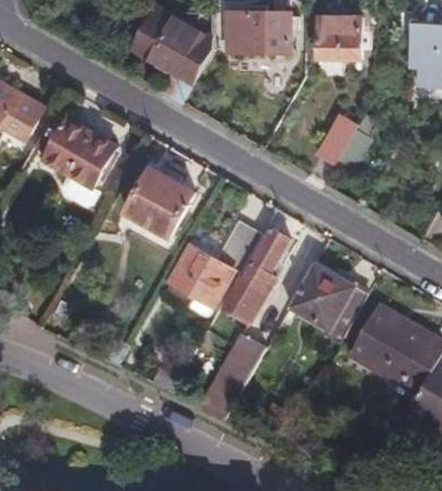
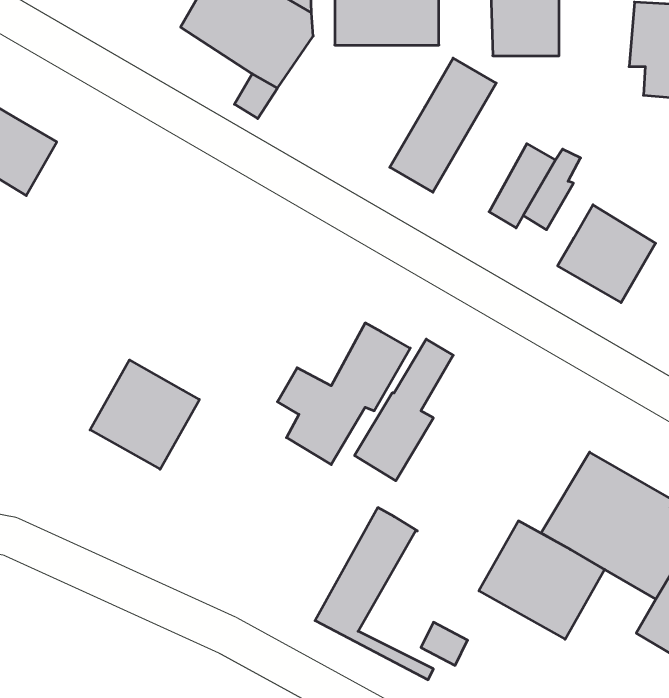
building: none -> [390,58,496,192]
building: [45,124,119,190] -> none
building: none -> [558,205,656,303]
building: [124,170,191,238] -> [90,360,199,469]
building: [285,267,363,341] -> [479,521,605,639]

